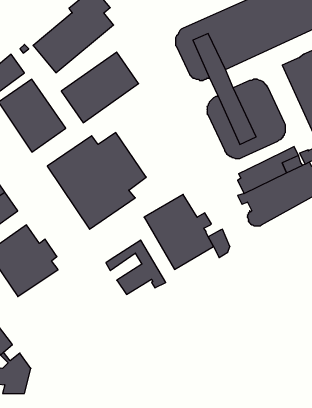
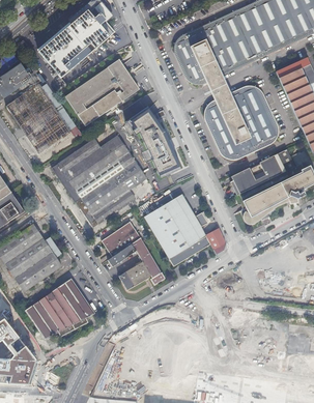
building: none -> [125,106,180,178]
building: none -> [102,222,141,256]
building: none -> [25,278,93,340]

